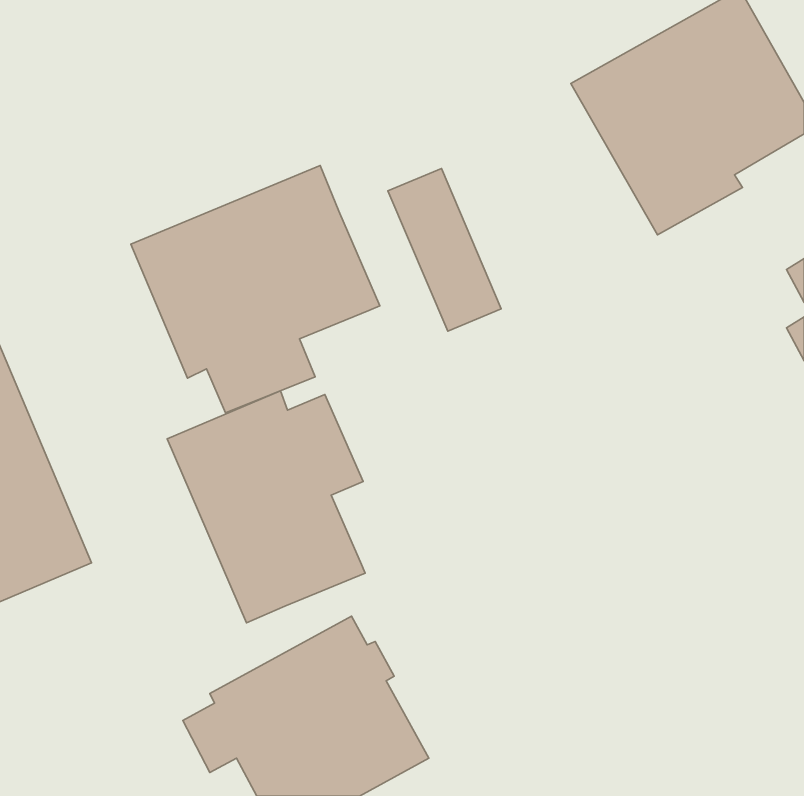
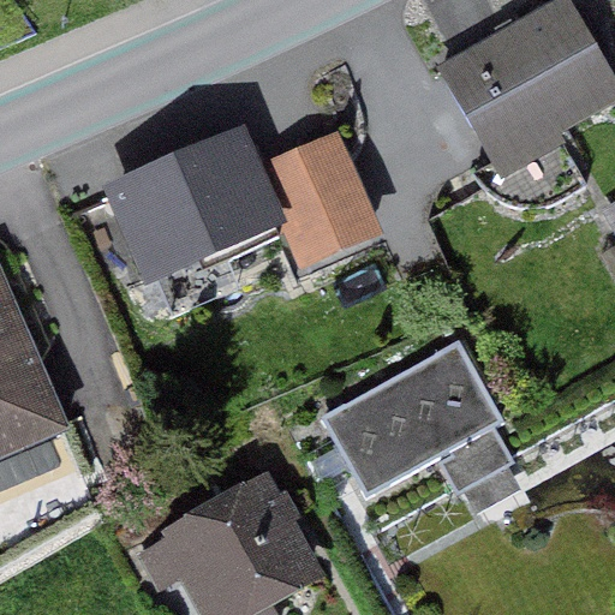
building: none -> [258,145,341,271]
building: [167,391,365,623] -> none
building: none -> [320,336,521,512]

